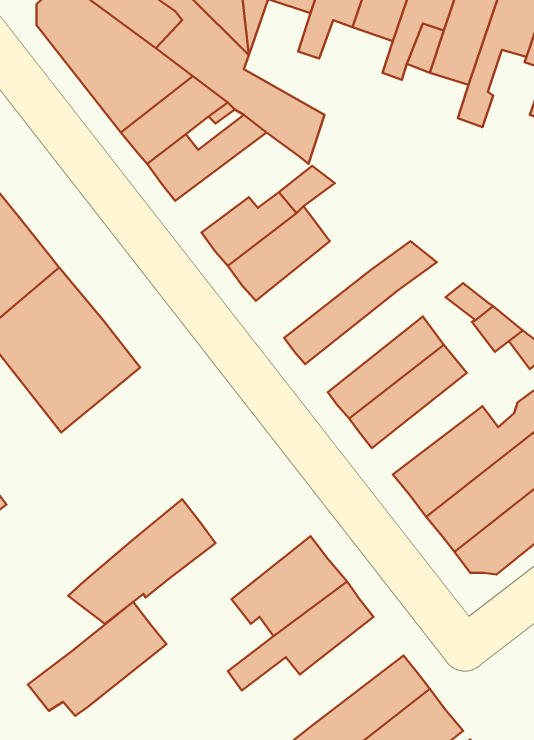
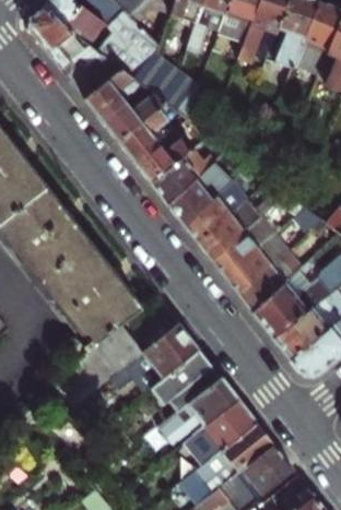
building: none -> [116,98,193,161]
building: none -> [166,161,238,226]
building: none -> [197,195,281,260]
building: none -> [45,245,144,353]
building: none -> [238,248,310,311]
building: [28,602,167,716] -> [114,323,200,394]
building: none -> [184,400,258,467]

